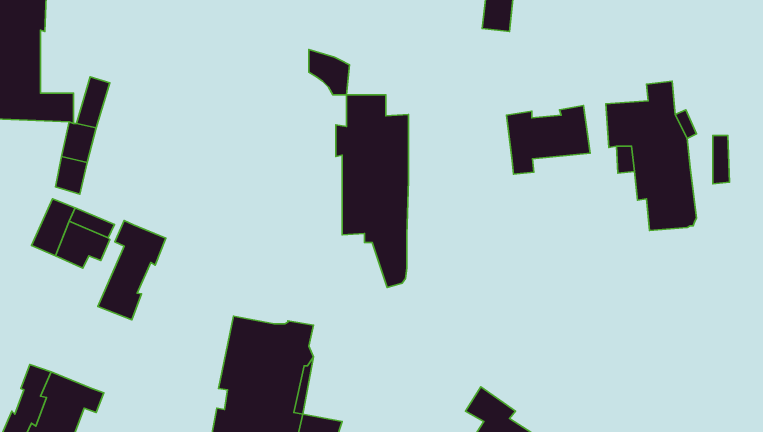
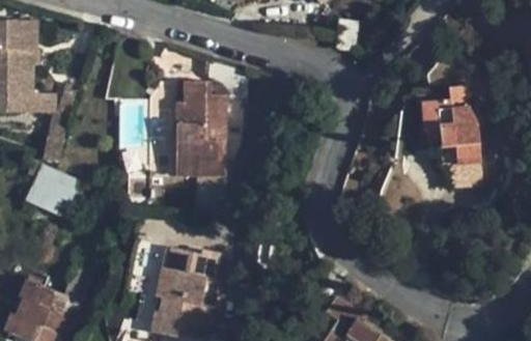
building: [336,95,408,288] -> [176,81,226,214]
building: [506,105,590,174] -> none
building: [98,220,166,320] -> none

